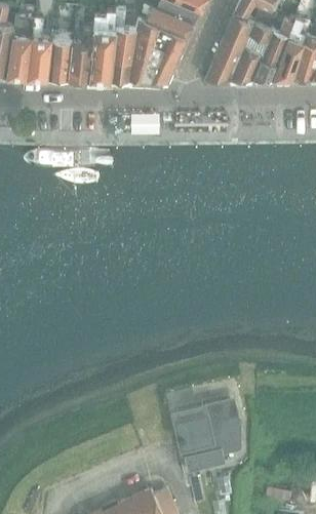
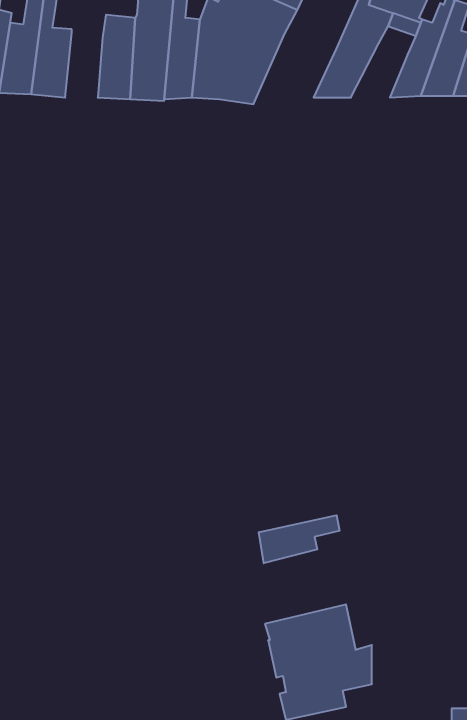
building: [47,41,71,83] -> none
building: [228,48,264,82] -> none
building: none -> [259,515,340,563]

